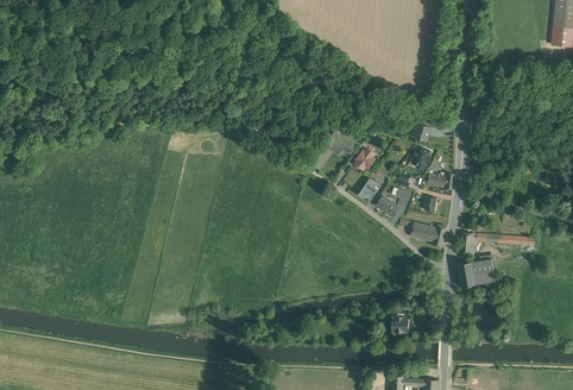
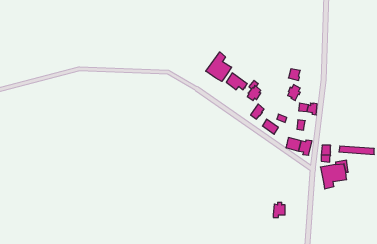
building: none -> [206,52,232,81]

